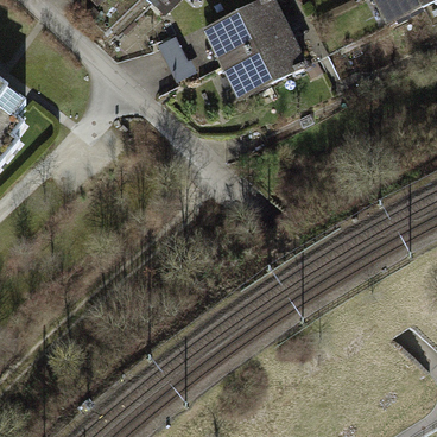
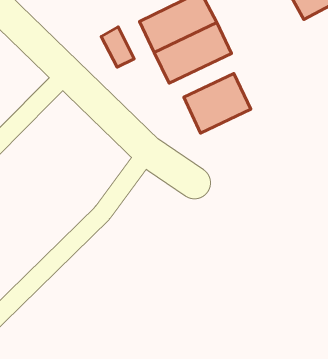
building: none -> [184,73,251,133]

